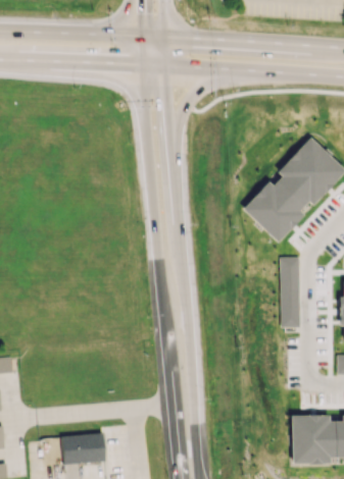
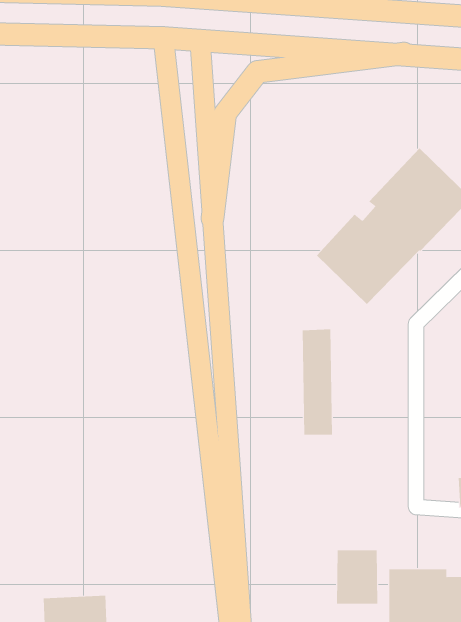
building: [280,256,300,326] -> [302,329,333,435]
building: none -> [336,549,378,605]

